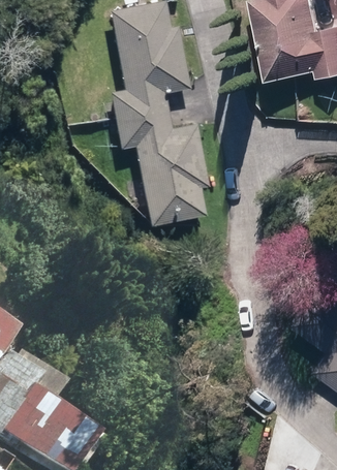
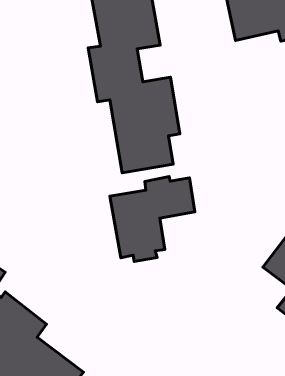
building: none -> [110,177,195,262]

